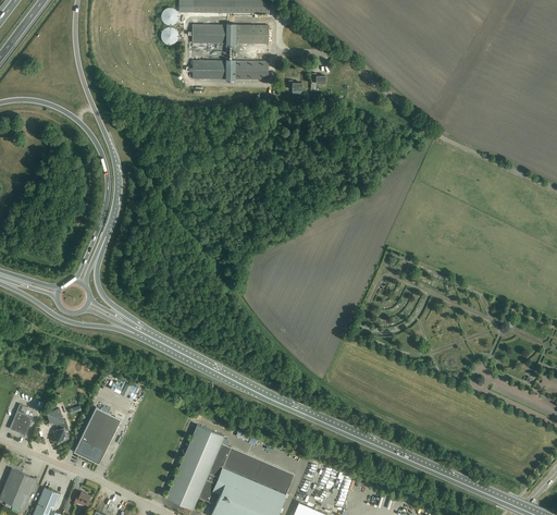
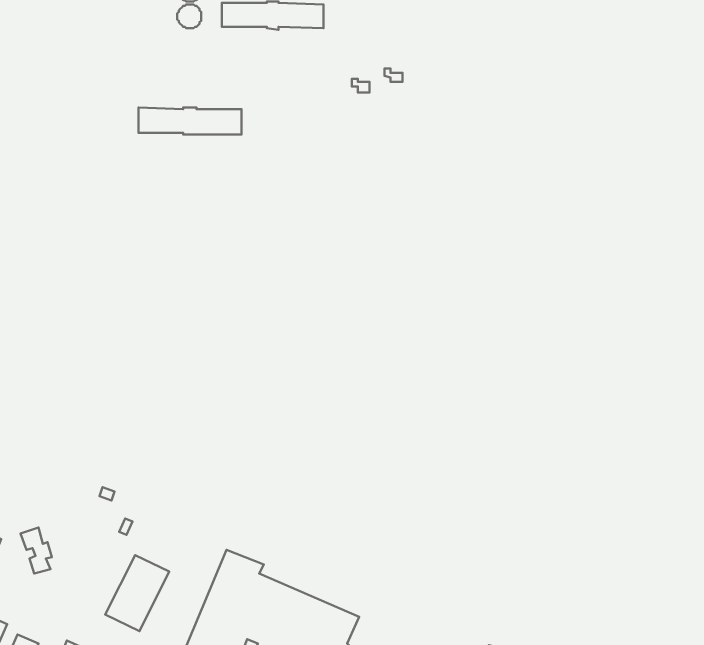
building: [191,61,267,81] -> [138,108,241,134]
building: [73,408,120,464] -> [105,555,169,631]

